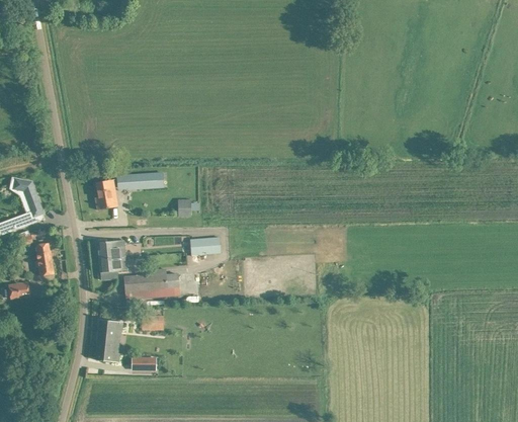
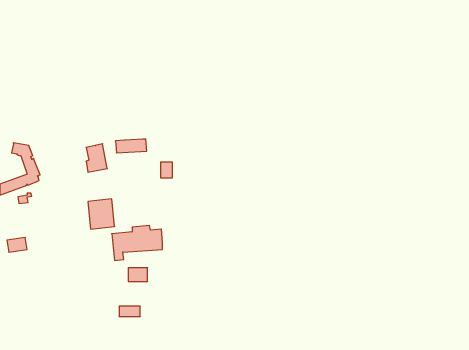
building: [191,236,220,254] -> none
building: [34,243,54,275] -> none
building: [95,319,122,361] -> none

